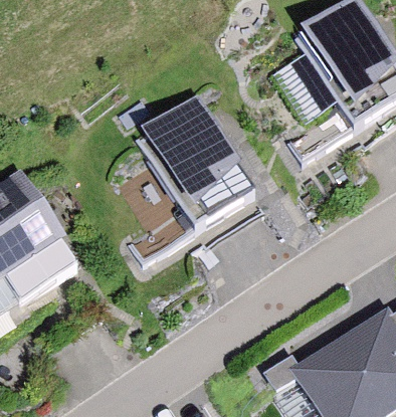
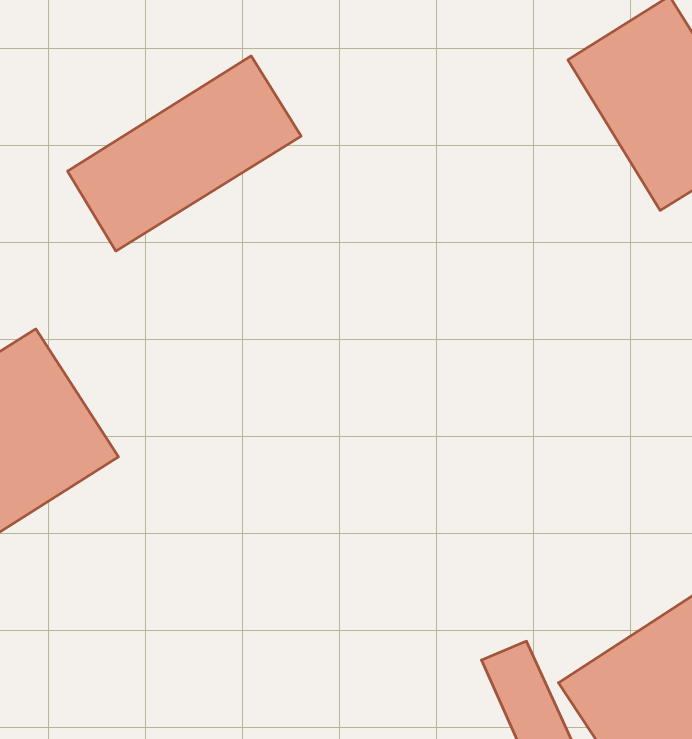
building: none -> [68,56,301,251]
building: [143,98,252,218] -> none

